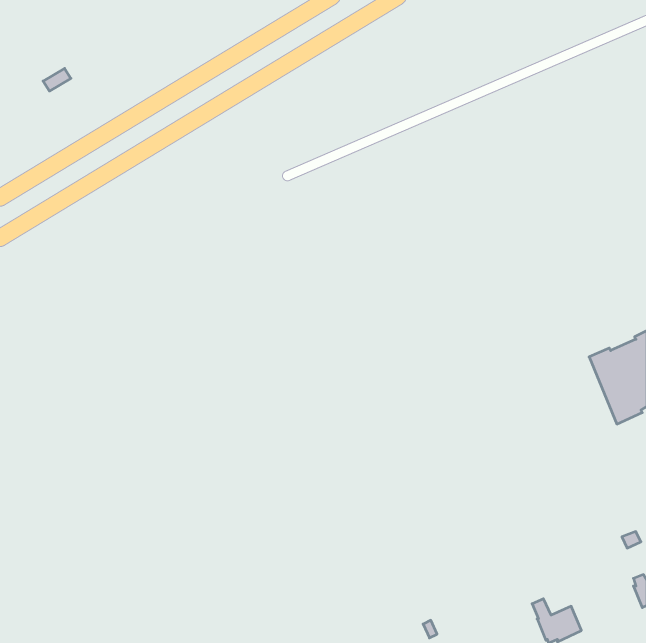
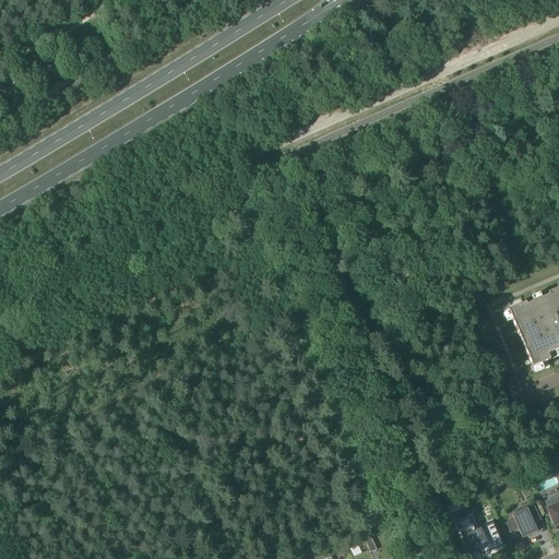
building: none -> [507,504,542,537]

